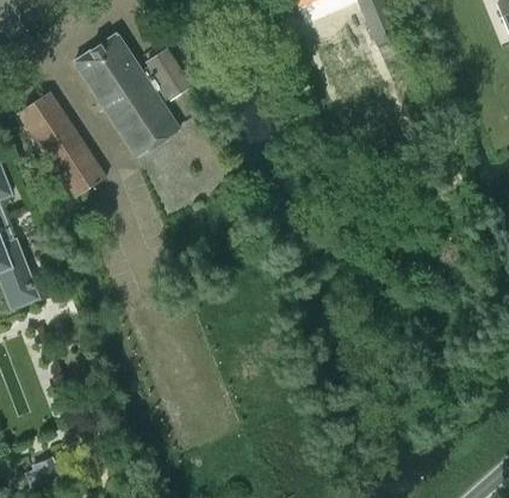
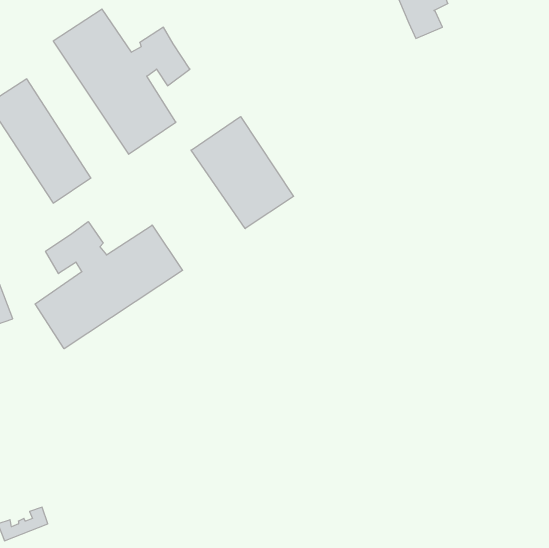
building: none -> [191,117,294,229]
building: none -> [35,222,183,349]

